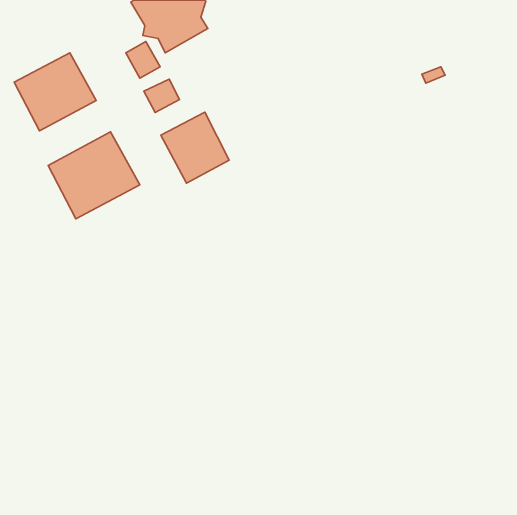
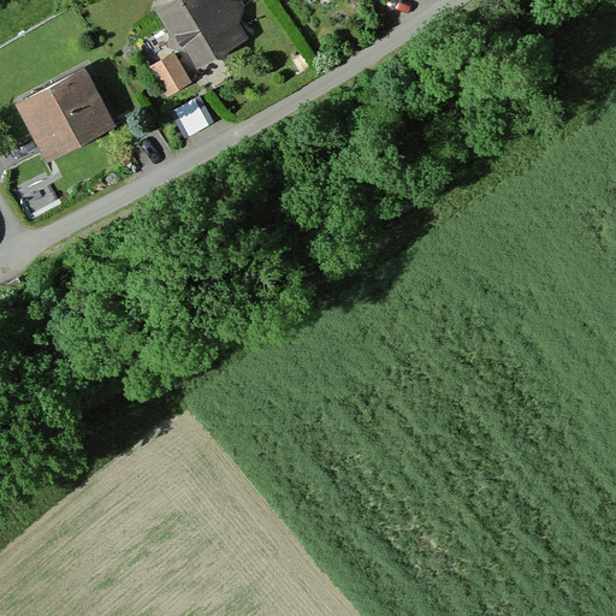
building: [161,112,229,183] -> none
building: [48,132,140,219] -> none

